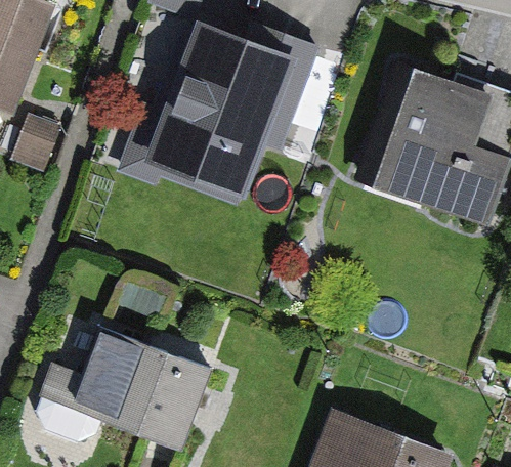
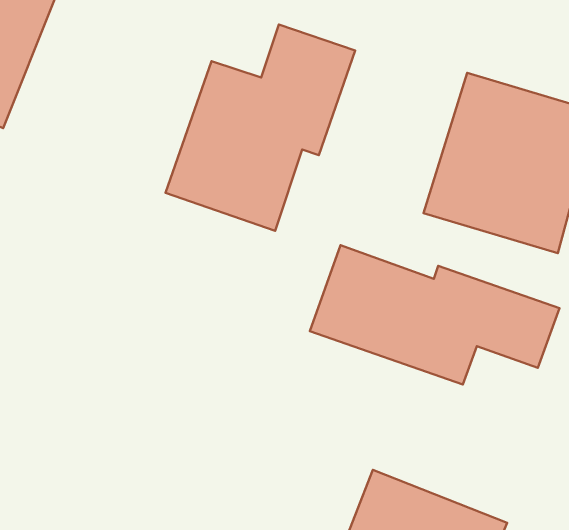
building: none -> [310,245,560,385]
building: [38,330,212,450] -> none

